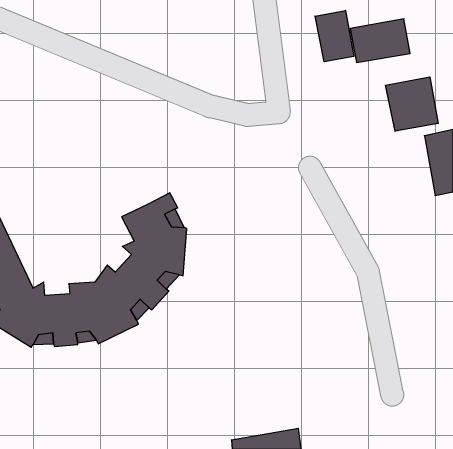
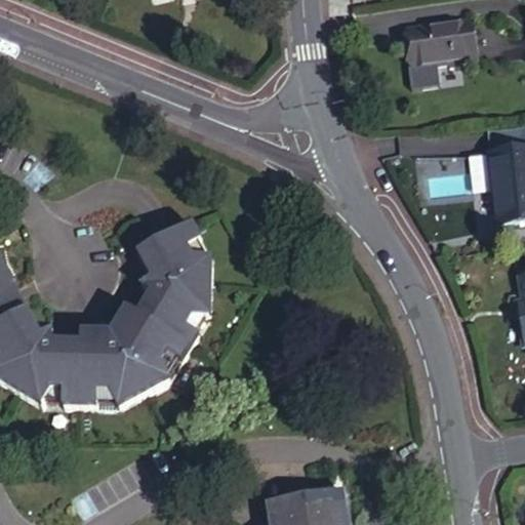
building: [315,10,354,62] -> none
building: [386,77,438,131] -> none

